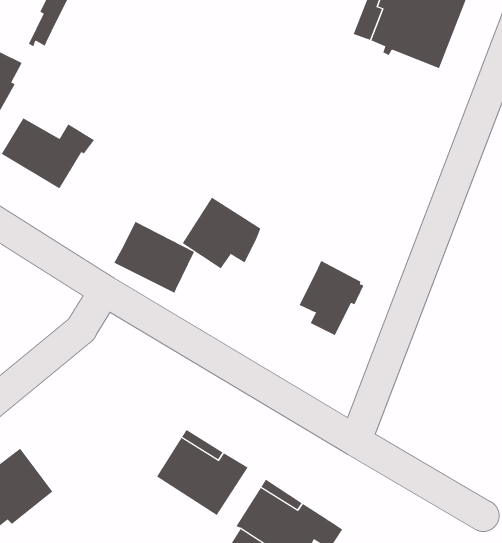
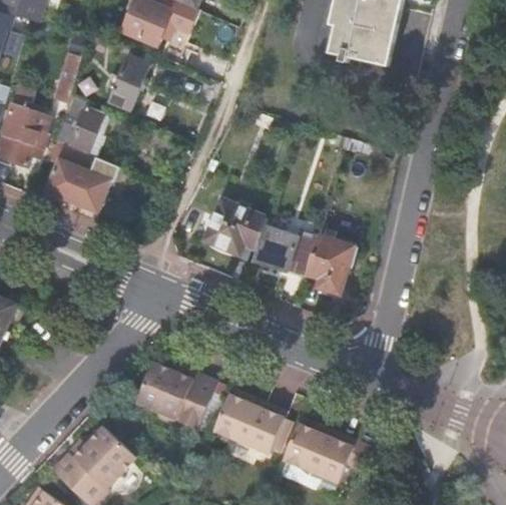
building: none -> [107,55,150,109]
building: none -> [57,107,104,151]
building: [114,221,195,293] -> [252,225,317,279]
building: none -> [134,364,217,433]

